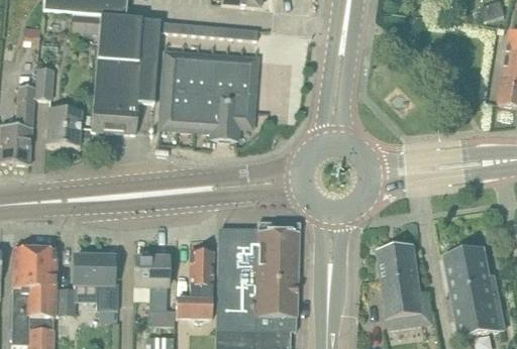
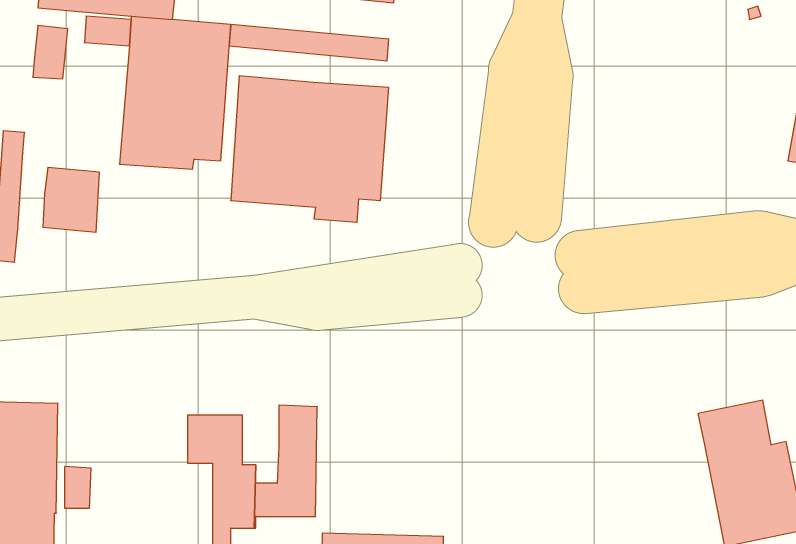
building: [34,67,56,99] -> [33,25,68,79]
building: [91,105,137,133] -> none
building: [216,222,299,331] -> none
building: [378,245,432,318] -> none
building: [75,256,118,310] -> none

